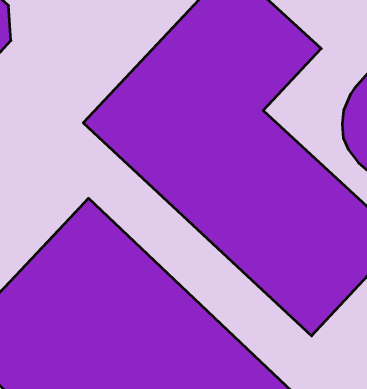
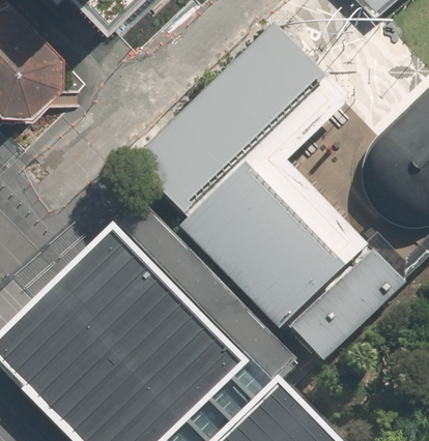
building: none -> [121,202,297,384]

